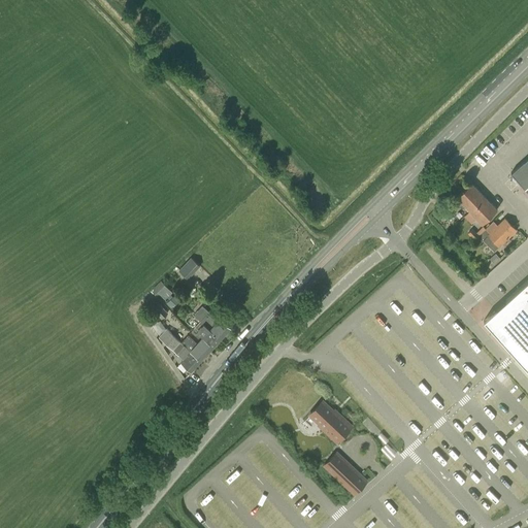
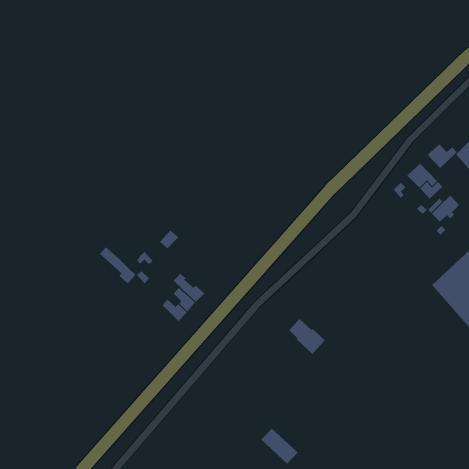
building: none -> [427,143,457,169]
building: [160,330,201,372] -> [99,246,136,284]
building: [310,402,352,443] -> [289,318,325,355]
building: [325,454,367,495] -> [261,428,298,464]

